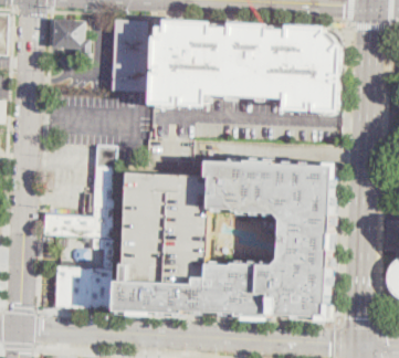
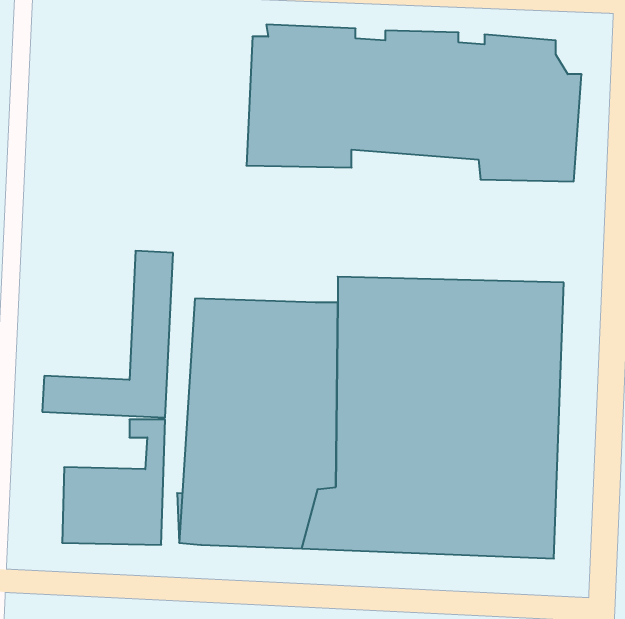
building: [108,19,144,91] -> none
building: [50,20,87,57] -> none

